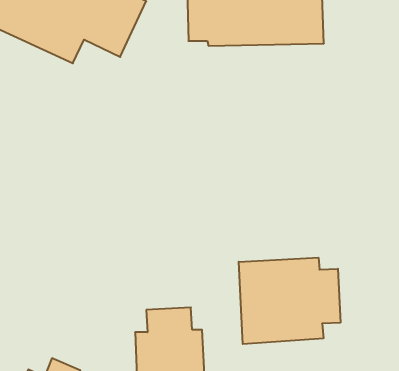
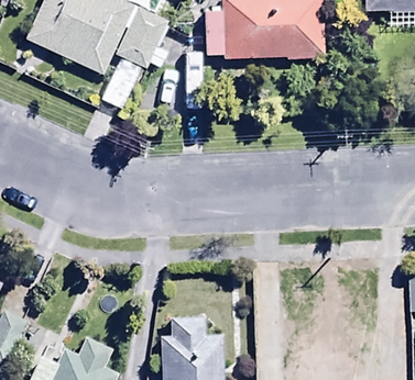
building: [239,258,340,344] -> none

